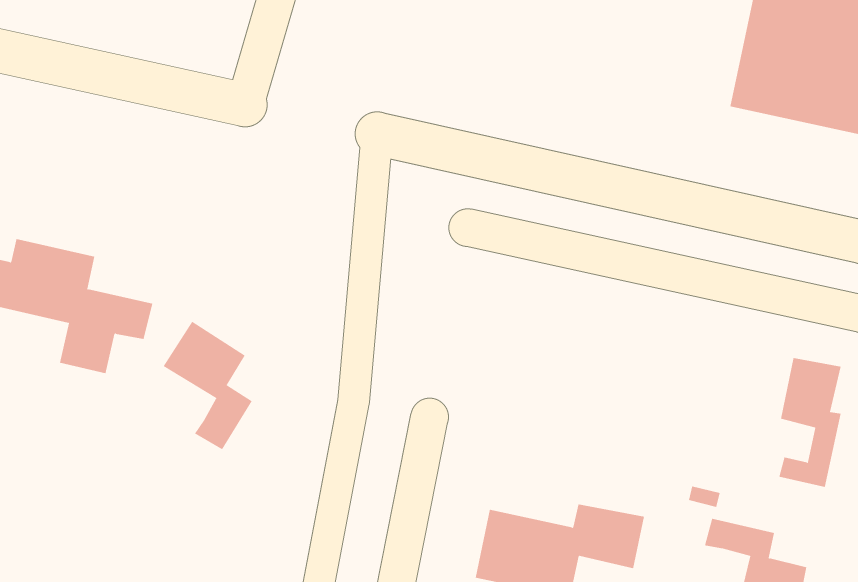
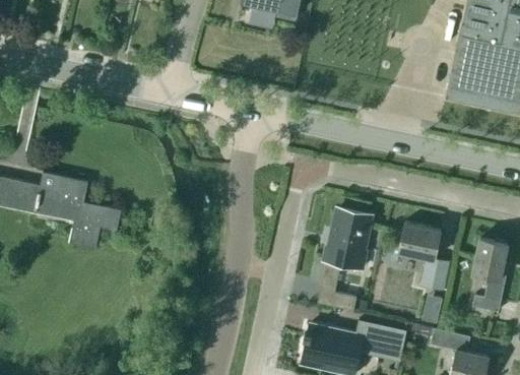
building: none -> [318,208,371,311]
building: [163,321,252,450] -> none
building: none -> [399,223,450,290]

